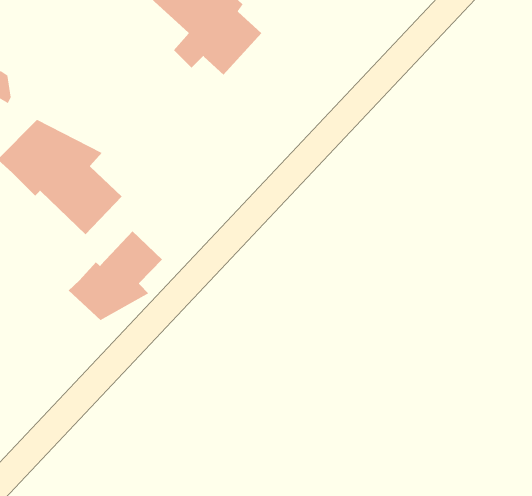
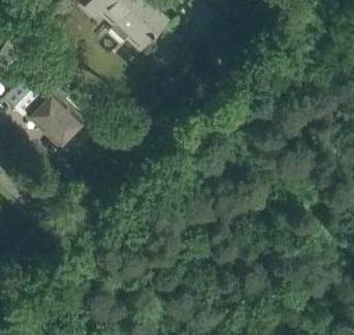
building: [68,231,163,321] -> none

